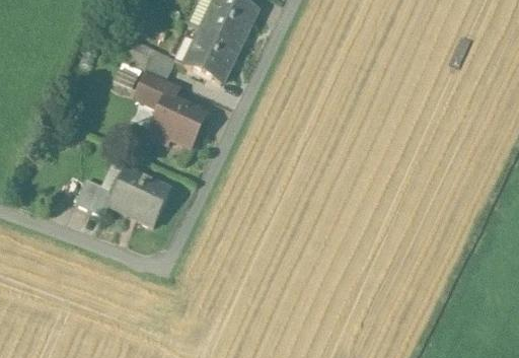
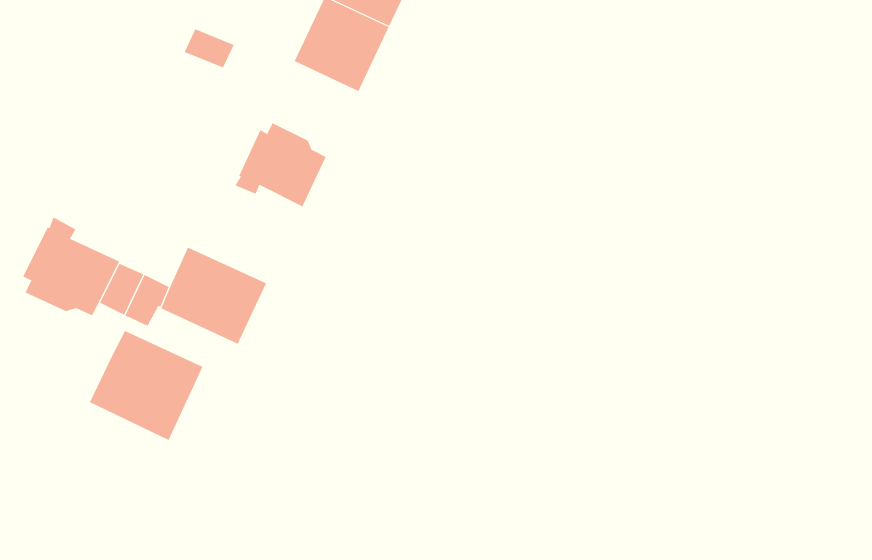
building: [138,70,179,104] -> none
building: none -> [22,217,120,316]
building: none -> [89,330,203,441]

